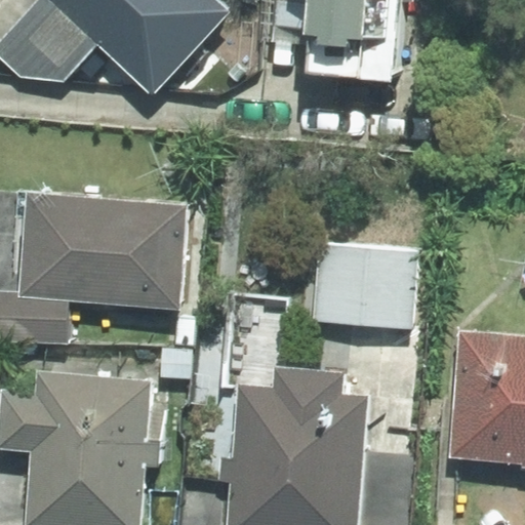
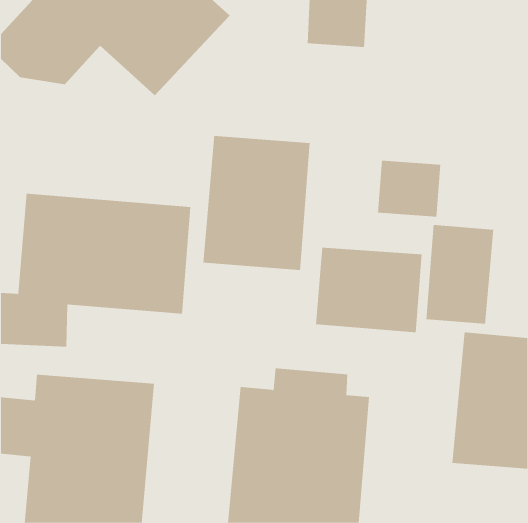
building: none -> [203,135,310,271]
building: none -> [426,224,494,325]

